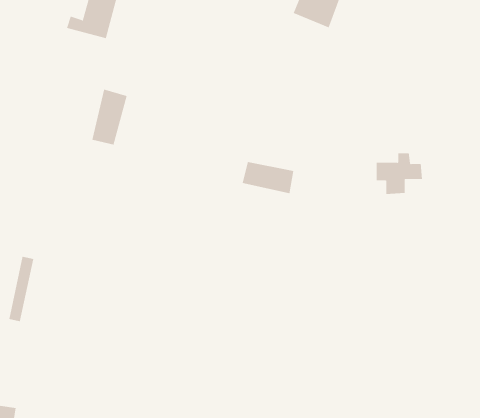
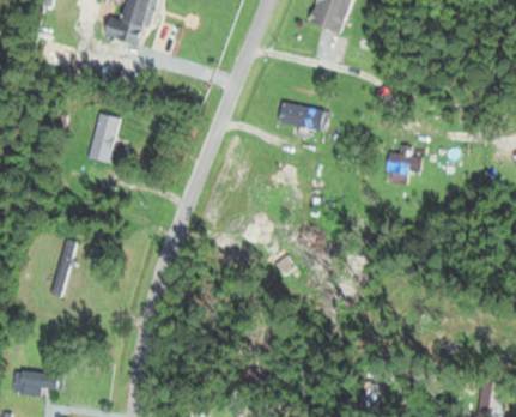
building: [91,89,128,145] -> [89,113,121,163]
building: [242,162,294,194] -> [278,102,324,131]

